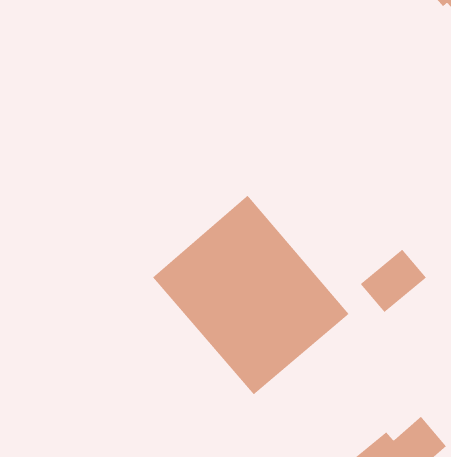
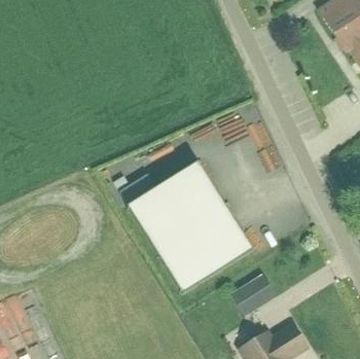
building: [360,249,427,313] -> [230,275,276,316]

